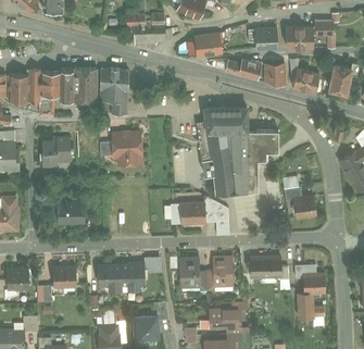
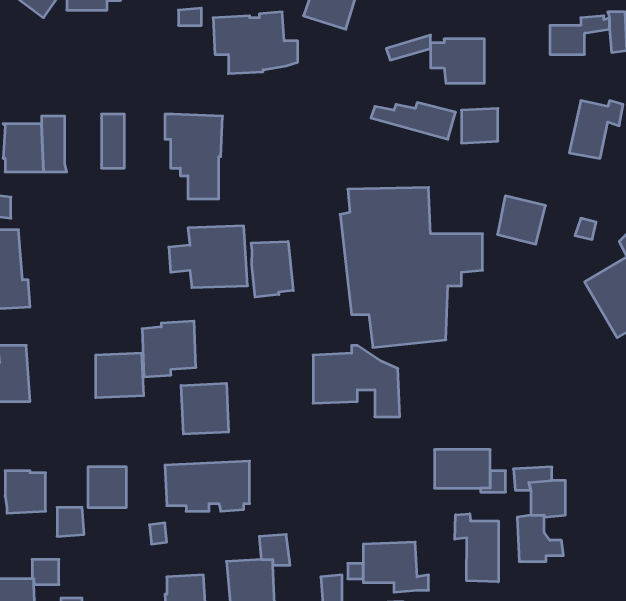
building: [286,24,315,48] -> none
building: [193,33,224,58] -> none
building: [292,66,319,94] -> [497,196,546,244]
building: [75,67,98,100] -> none
building: [41,70,62,96] -> none
building: [42,136,73,167] -> [142,321,196,377]
building: none -> [251,241,293,297]
building: [286,189,318,222] -> none
building: none -> [181,383,229,434]
building: [213,257,234,287] -> none
building: [180,260,201,290] -> none
building: none -> [455,514,498,582]

